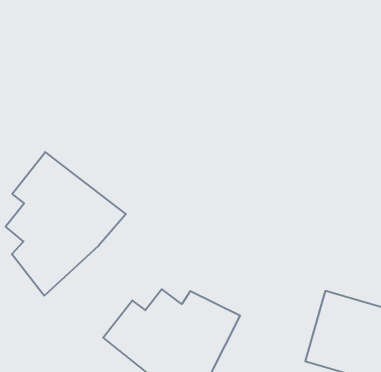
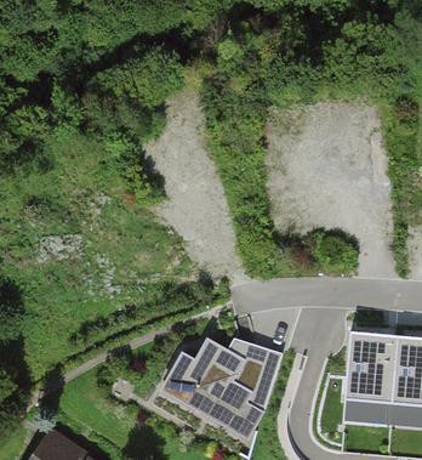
building: [6,152,126,296] -> none

